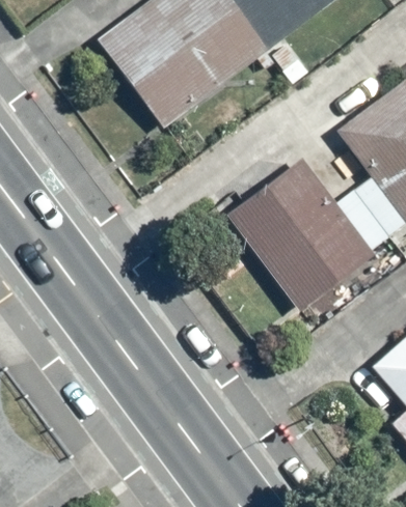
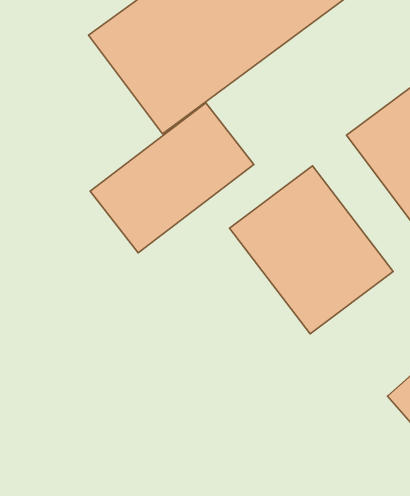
building: none -> [90,103,254,253]

